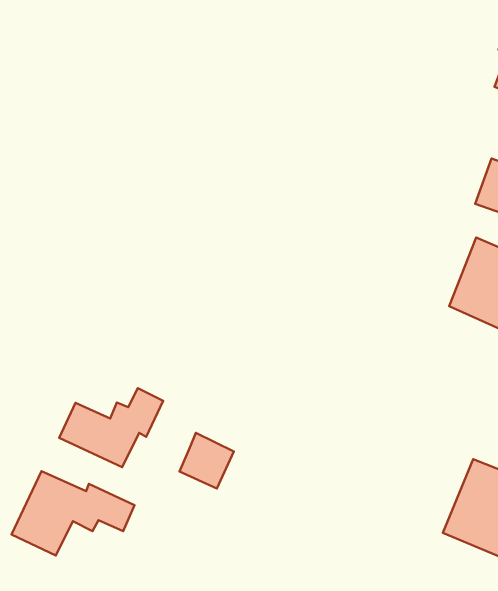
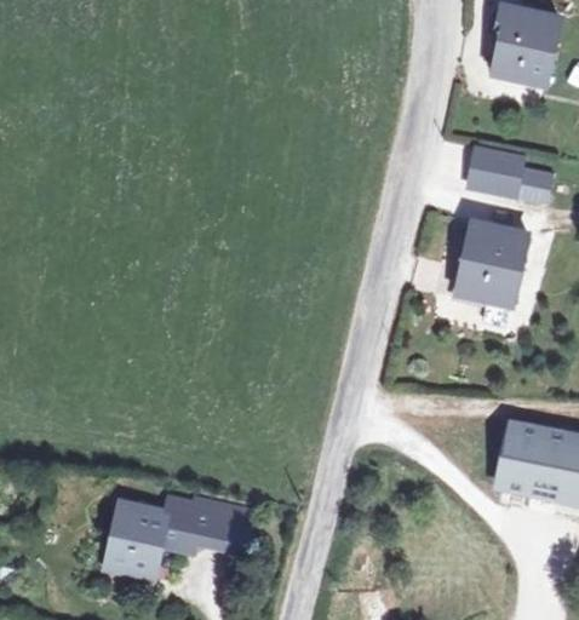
building: [59,388,163,467] -> none
building: [180,433,234,489] -> [203,504,250,551]

